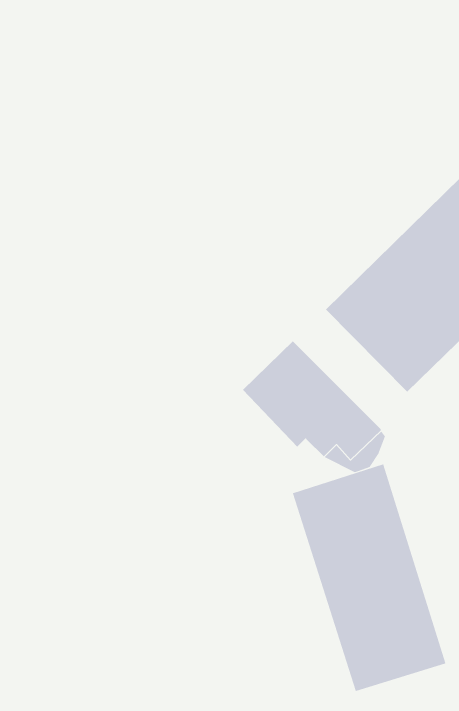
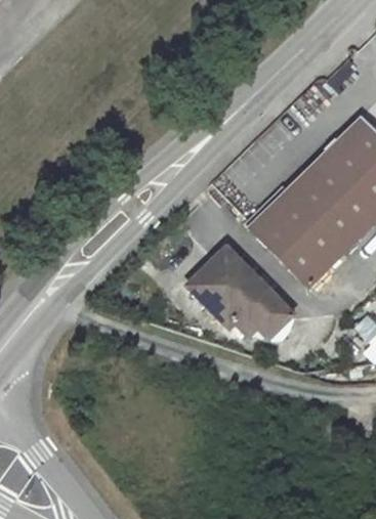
building: [292,464,446,692] -> none

